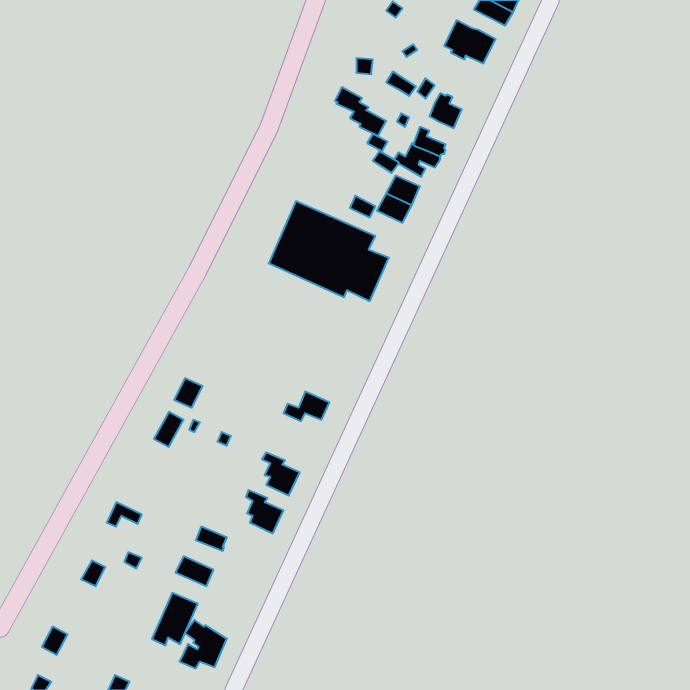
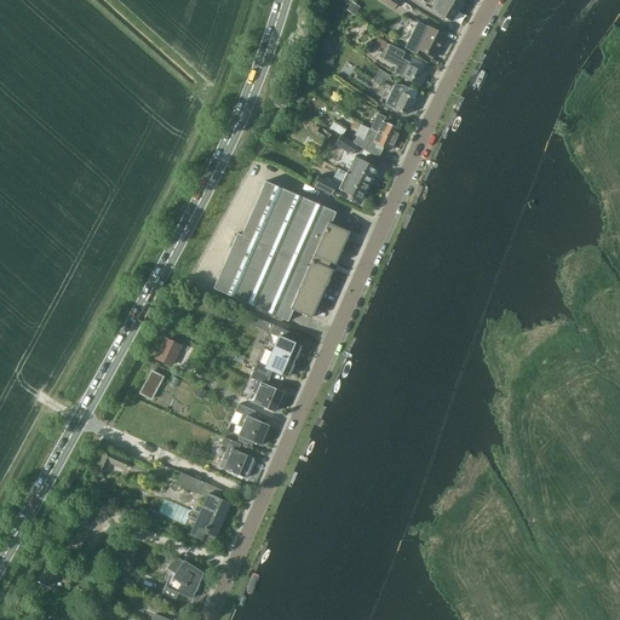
building: [335,87,386,136] -> [380,44,426,87]
building: none -> [213,235,332,322]
building: none -> [270,326,302,361]
building: none -> [249,371,283,412]
building: [152,593,198,646] -> [190,493,231,540]

